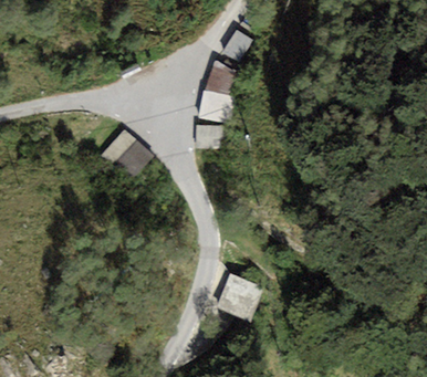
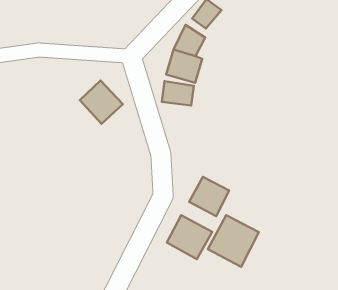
building: none -> [189,177,229,216]
building: none -> [208,215,259,267]

